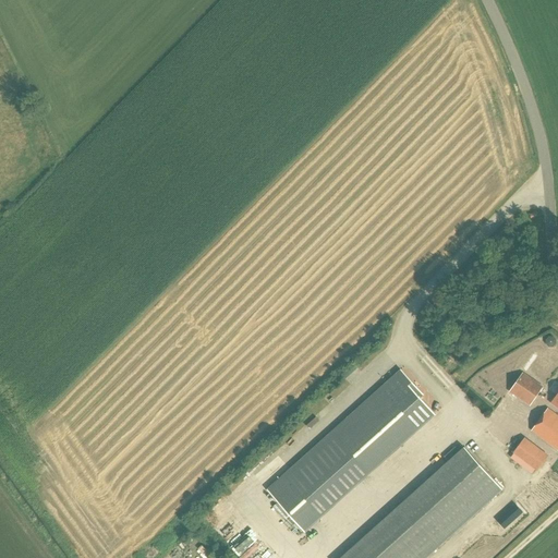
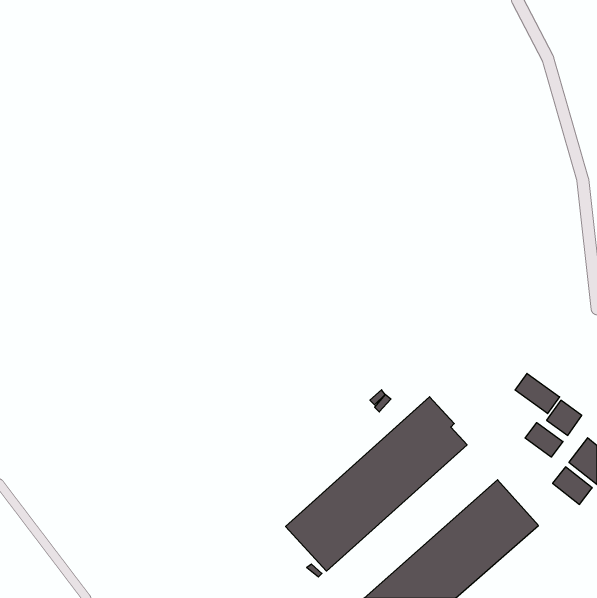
building: none -> [515,373,560,414]
building: none -> [525,423,563,457]

